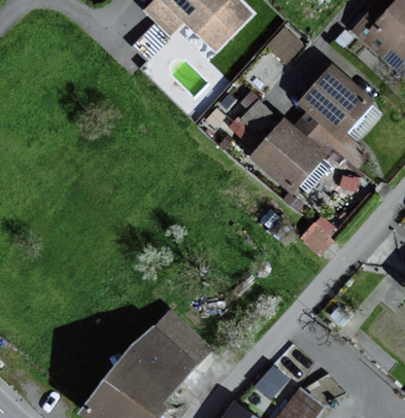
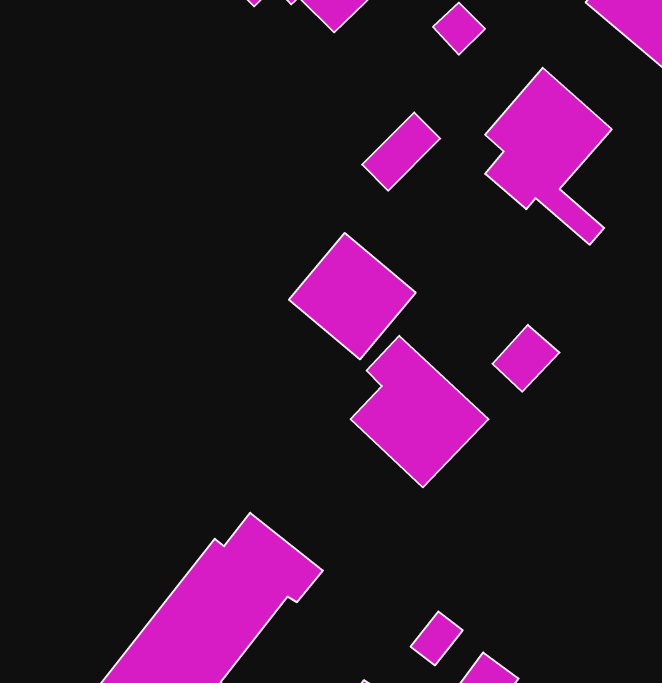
building: [251,121,322,191] -> [289,233,416,359]
building: none -> [351,336,489,487]

